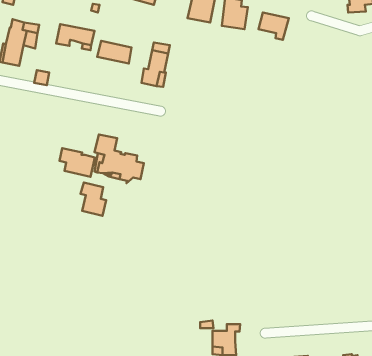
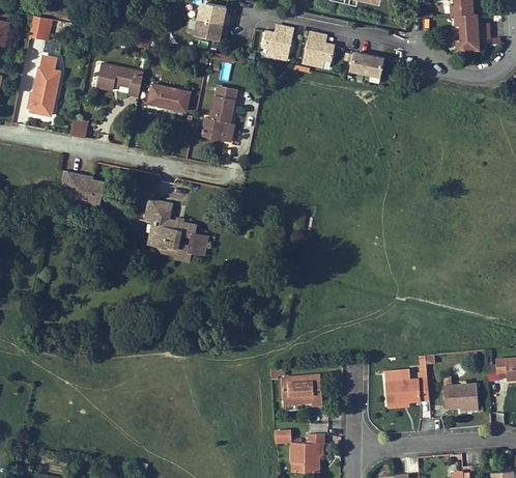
building: [60,148,95,177] -> [61,171,105,206]
building: [80,183,106,216] -> none
building: none -> [281,374,322,406]
building: none -> [384,378,428,403]
building: none -> [442,384,478,407]

